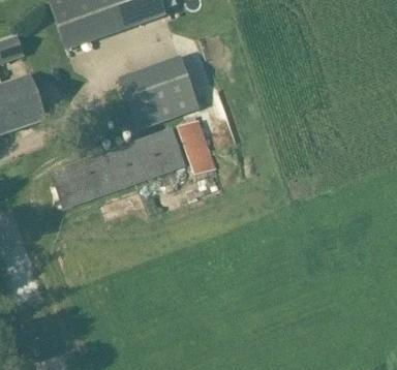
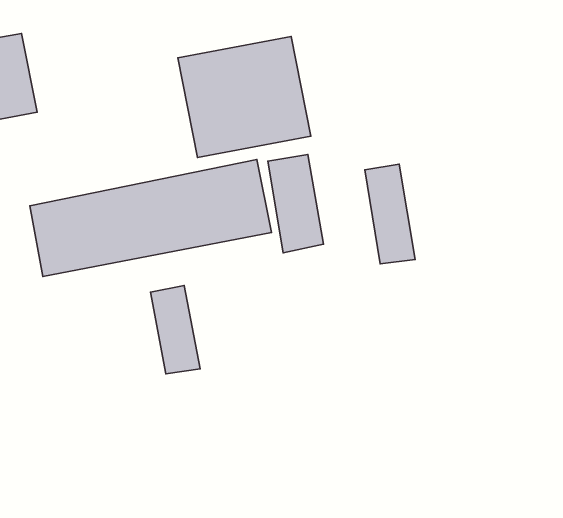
building: none -> [365,164,415,264]
building: none -> [150,286,200,374]

